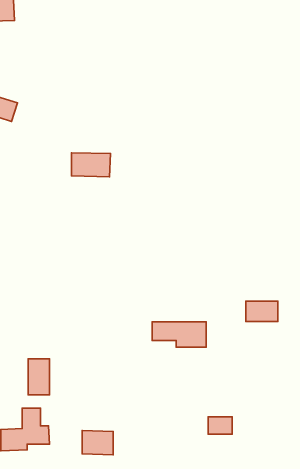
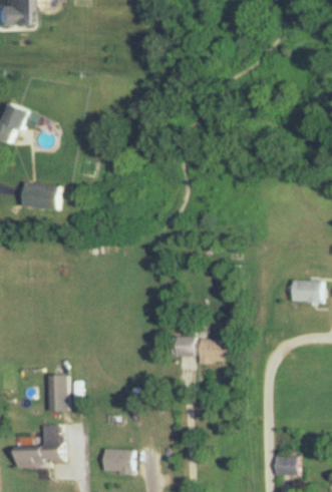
building: [72,153,110,177] -> [24,183,64,208]
building: [246,301,278,322] -> [289,281,322,302]
building: [208,417,232,434] -> [270,457,295,475]

